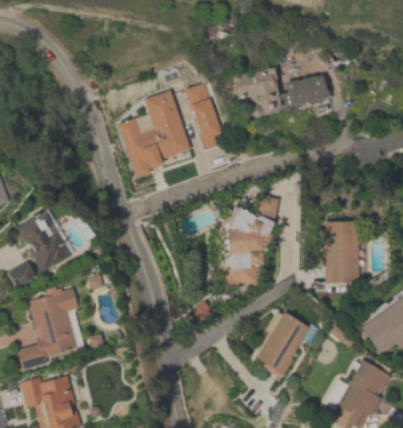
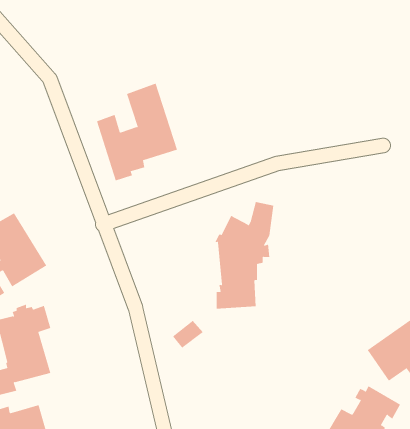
building: [231,68,329,118] -> none
building: [186,82,225,149] -> none
building: [322,222,358,284] -> none
building: [255,312,308,378] -> none

